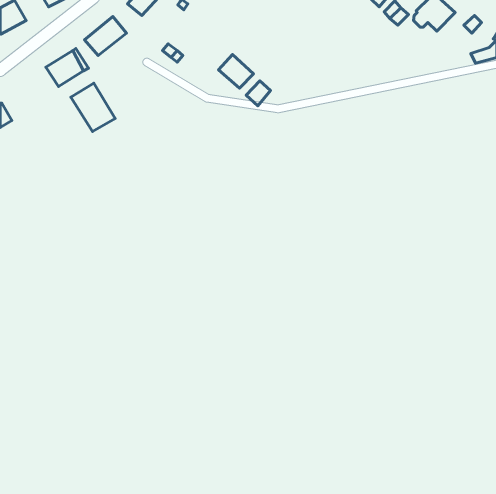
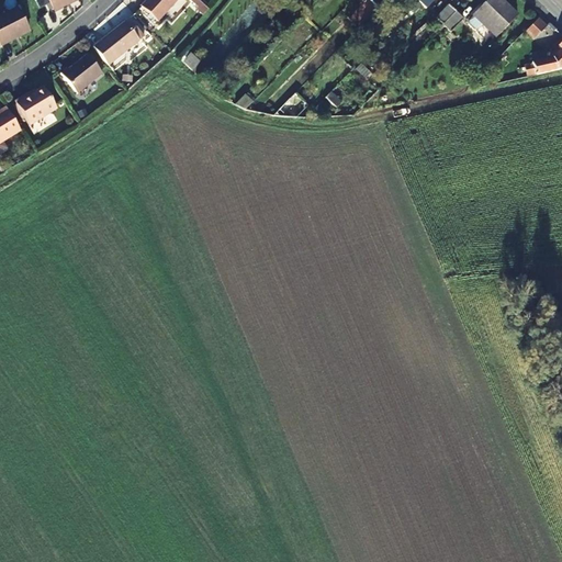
building: [219,55,253,88] -> none
building: none -> [20,88,60,123]
building: [71,83,115,131] -> none

